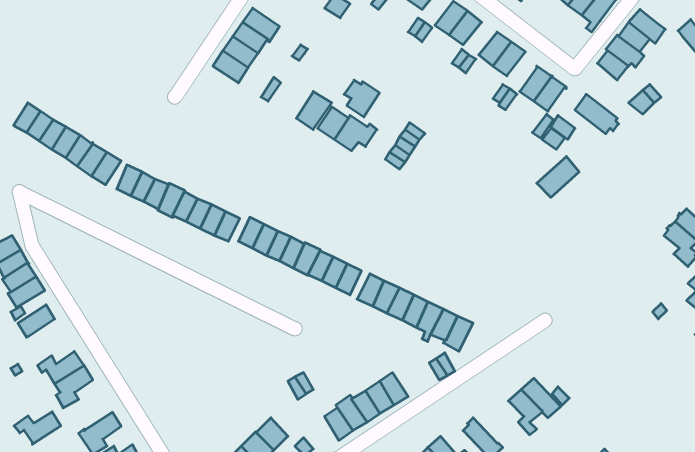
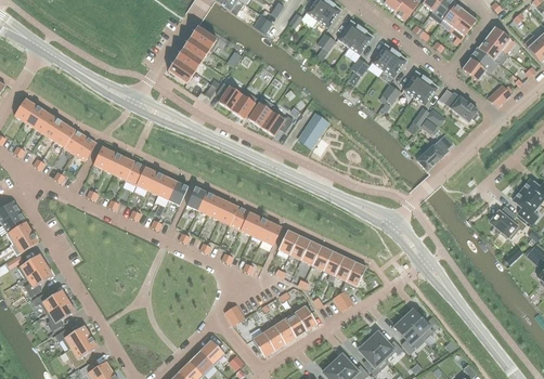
building: [344,80,379,117] -> [216,81,243,109]
building: none -> [489,210,526,238]
building: none -> [24,263,52,296]
building: none -> [366,330,402,358]
building: [14,412,61,444] -> [54,324,90,349]

